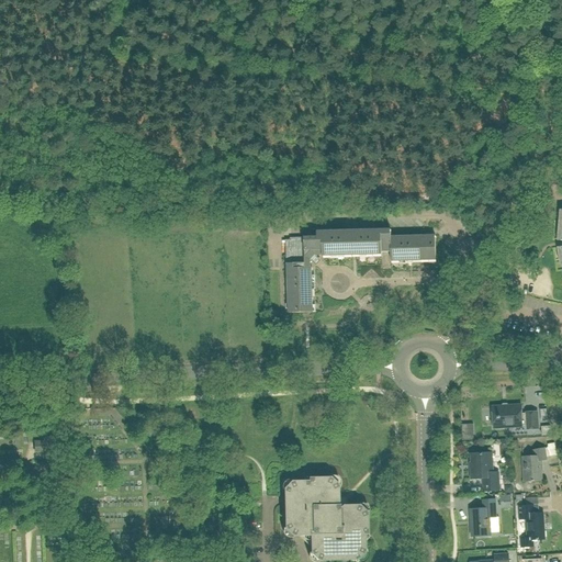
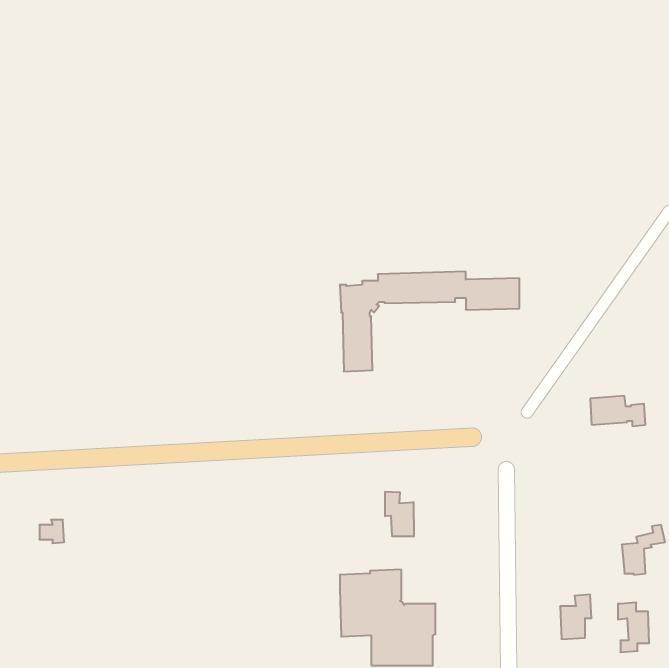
building: [491,403,537,428] -> [590,396,645,426]
building: none -> [385,492,414,536]
building: [469,451,498,490] -> none

